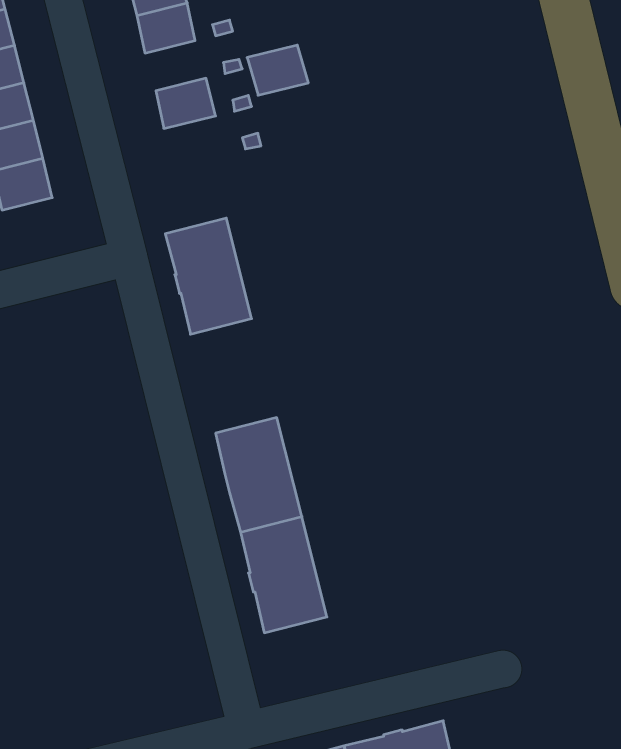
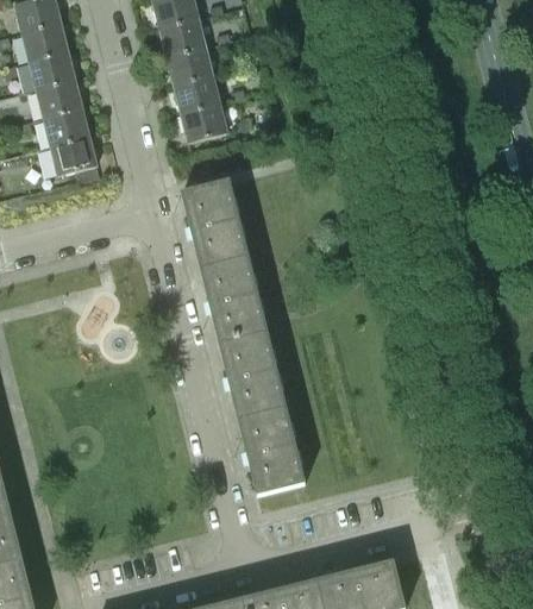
building: [247,45,308,95] -> [165,45,212,83]
building: none -> [180,102,226,140]
building: none -> [200,256,265,343]

